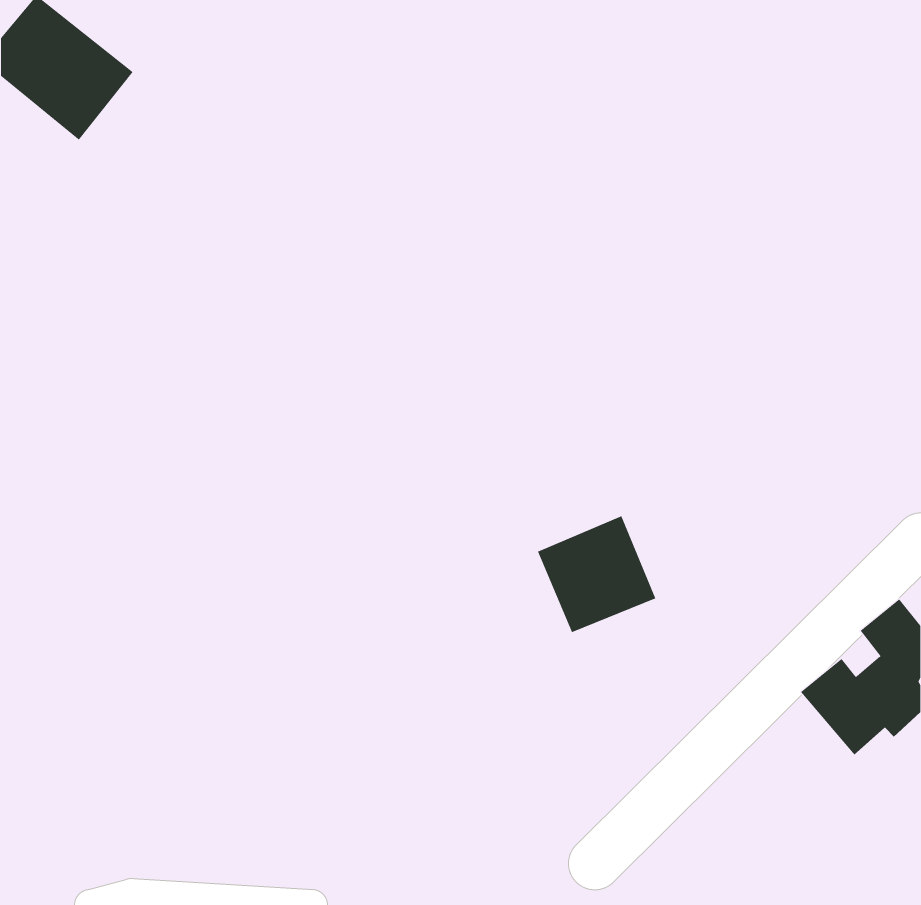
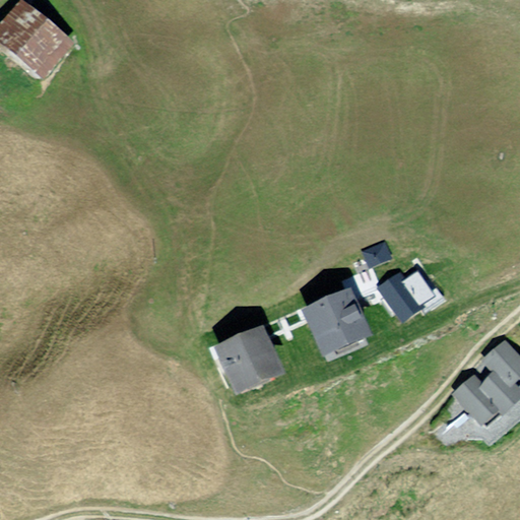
building: none -> [377,265,435,321]
building: none -> [215,328,281,394]

